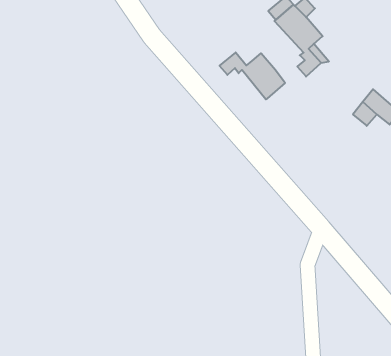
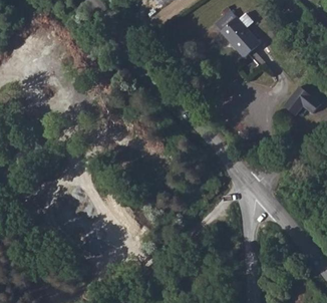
building: [220,52,285,99] -> none

